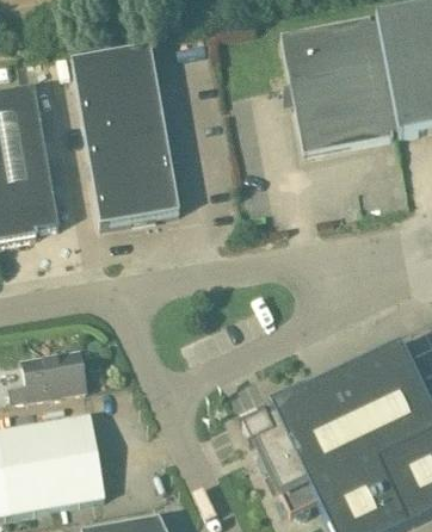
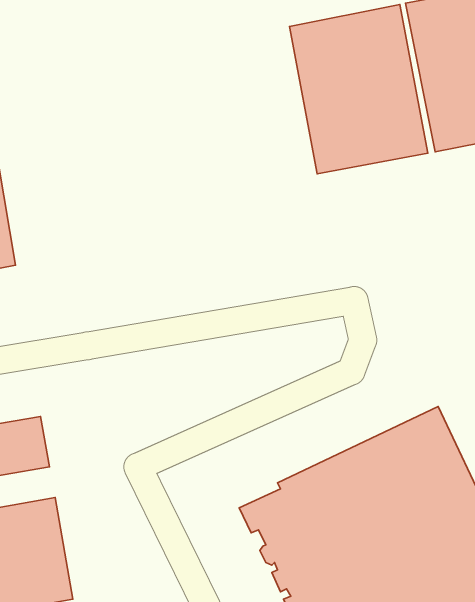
building: [70,44,179,224] -> none

